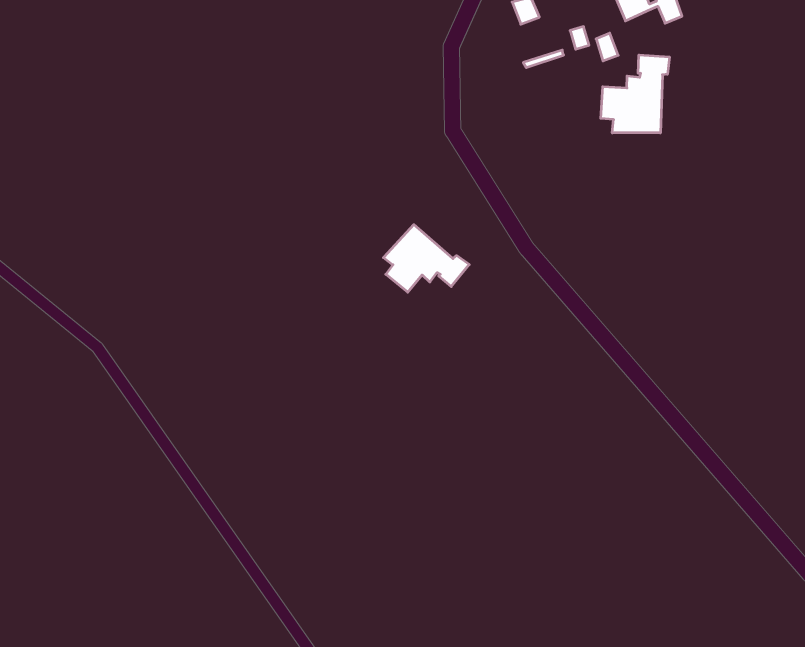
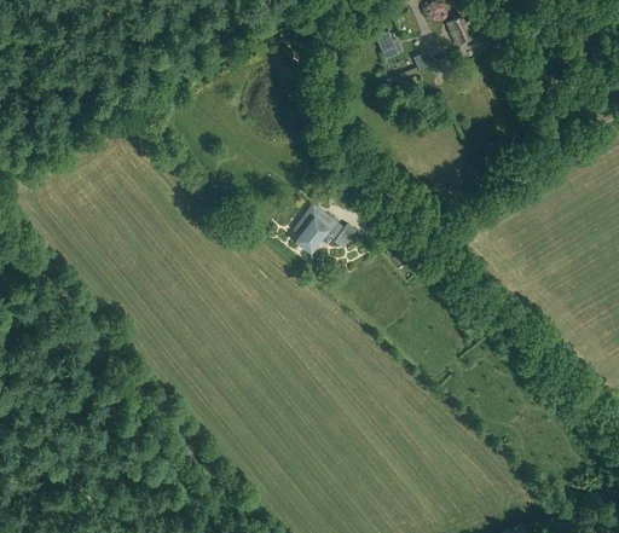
building: [601,55,669,133] -> none

